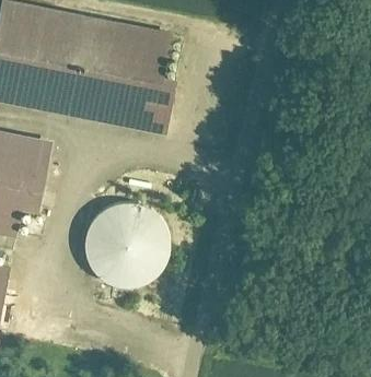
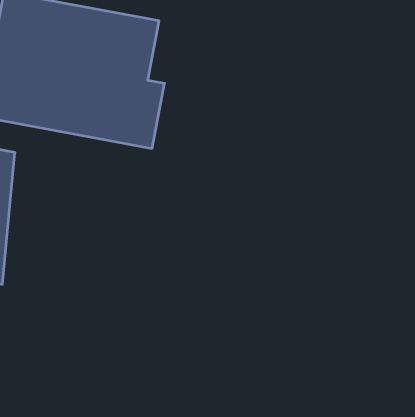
building: [81,199,171,288] -> none

